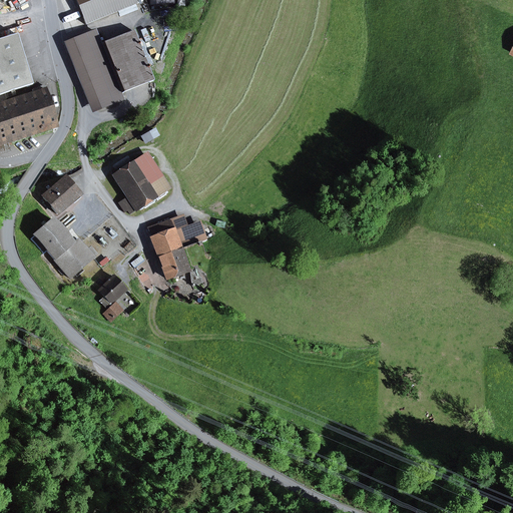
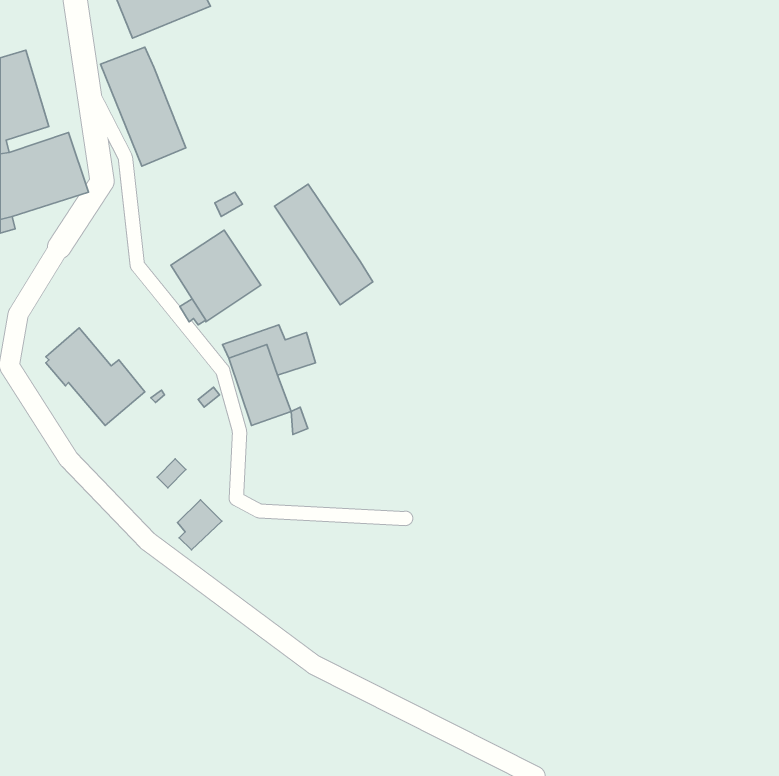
building: [101,30,156,97] -> none
building: none -> [274,184,373,305]
building: [41,174,81,213] -> none
building: [97,275,126,308] -> [178,500,222,550]

